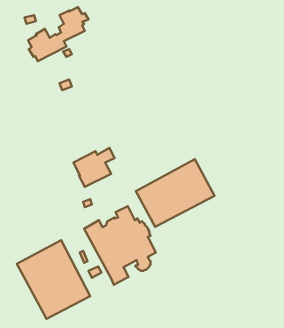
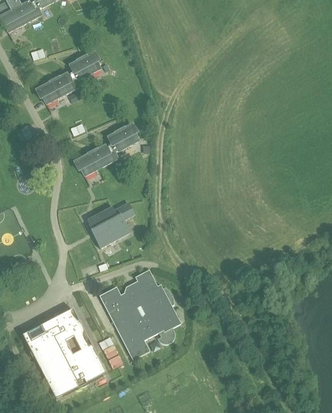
building: none -> [72,114,141,176]
building: [136,159,214,227] -> none

